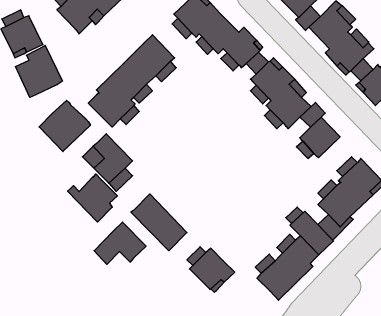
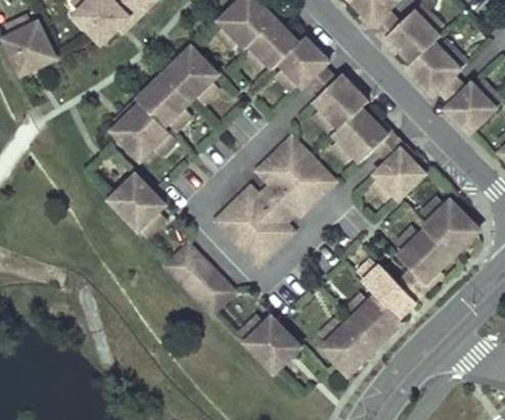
building: [15,45,62,97] -> none
building: [39,100,90,152] -> none
building: none -> [214,134,335,265]
building: [68,174,117,222] -> none
building: [94,222,146,264] -> none

